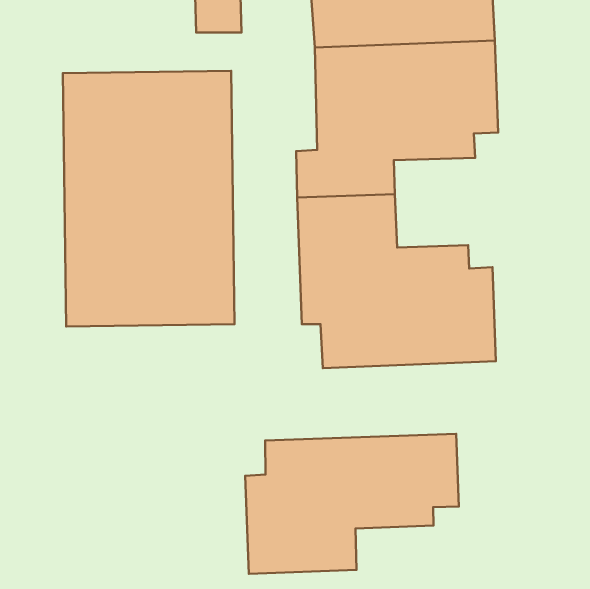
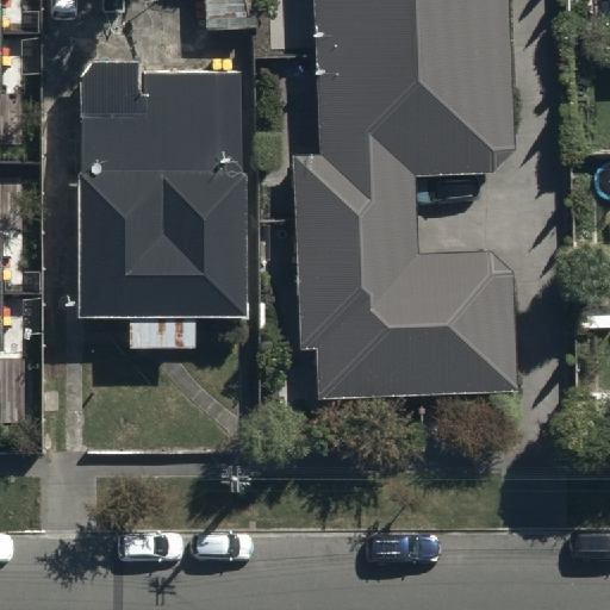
building: [245,434,459,574] -> none

